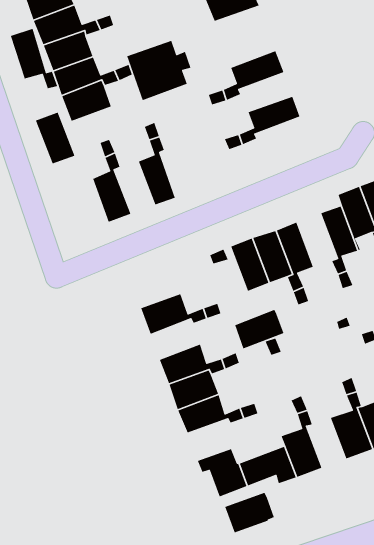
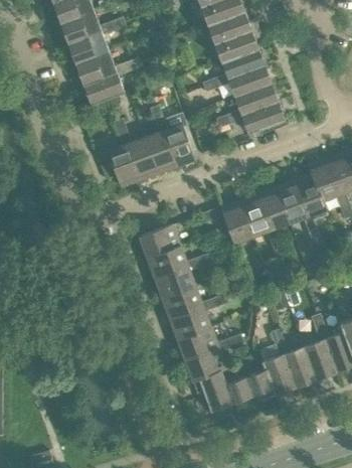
building: [10,28,58,89] -> none
building: [126,40,192,101] -> [207,11,260,61]
building: none -> [227,65,272,98]
building: [35,112,76,165] -> [126,138,159,181]
building: none -> [240,102,285,135]
building: none -> [163,124,195,168]
building: none -> [275,180,308,224]
building: none -> [139,225,180,258]
building: [234,309,285,349] -> [155,267,196,300]
building: none -> [283,347,315,388]
building: [224,492,275,534] -> [185,348,226,382]

